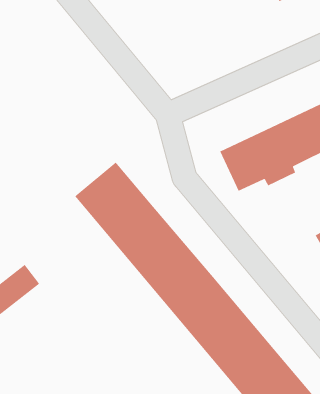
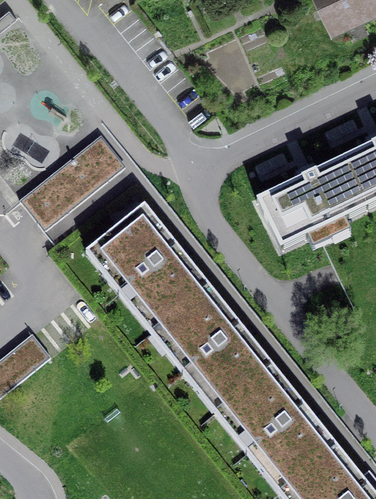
building: none -> [22,135,132,228]

